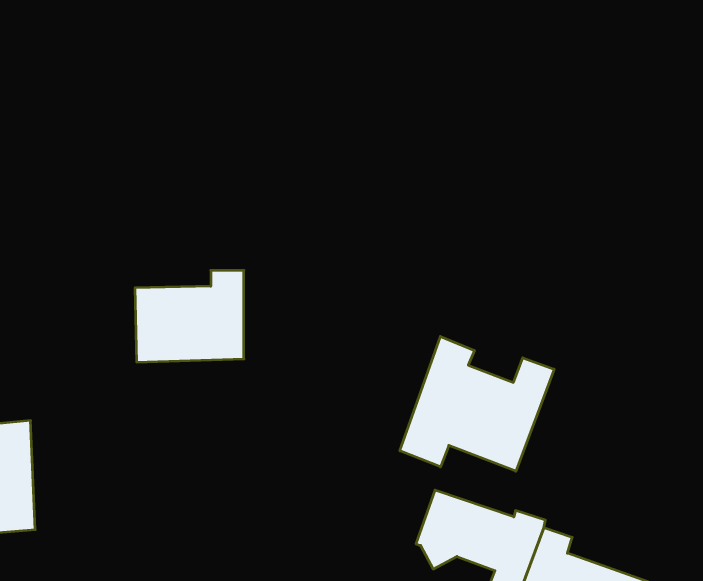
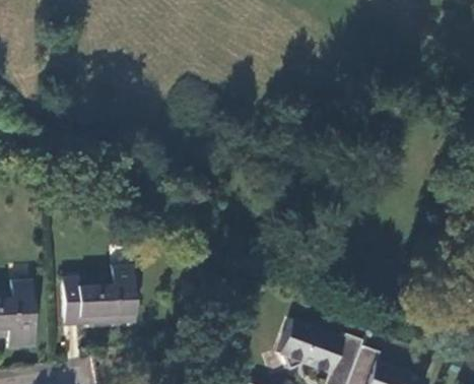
building: [135,270,244,362] -> [65,265,135,324]
building: [400,336,554,471] -> none

